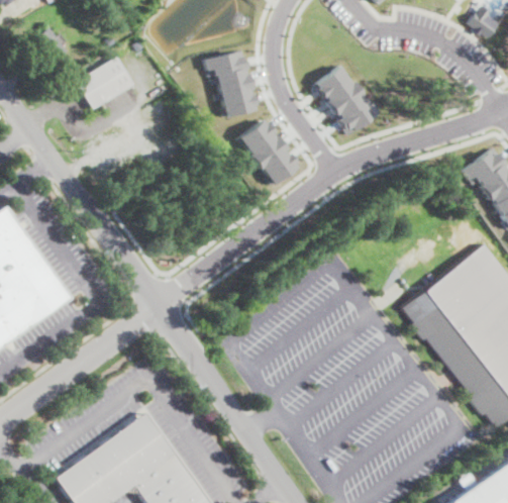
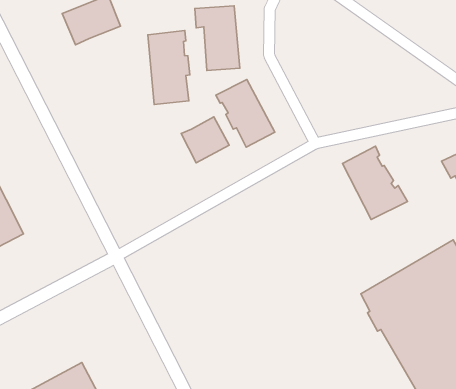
building: [312,64,380,134] -> [342,146,407,220]
building: none -> [148,31,190,104]
building: none -> [181,117,229,163]

